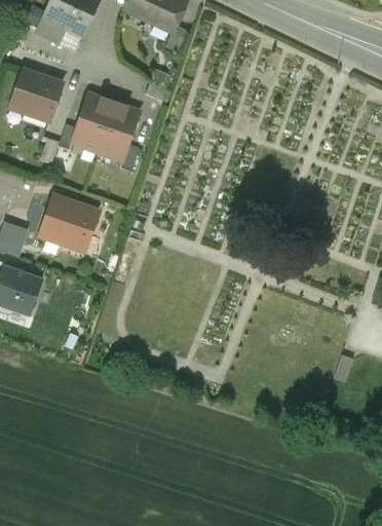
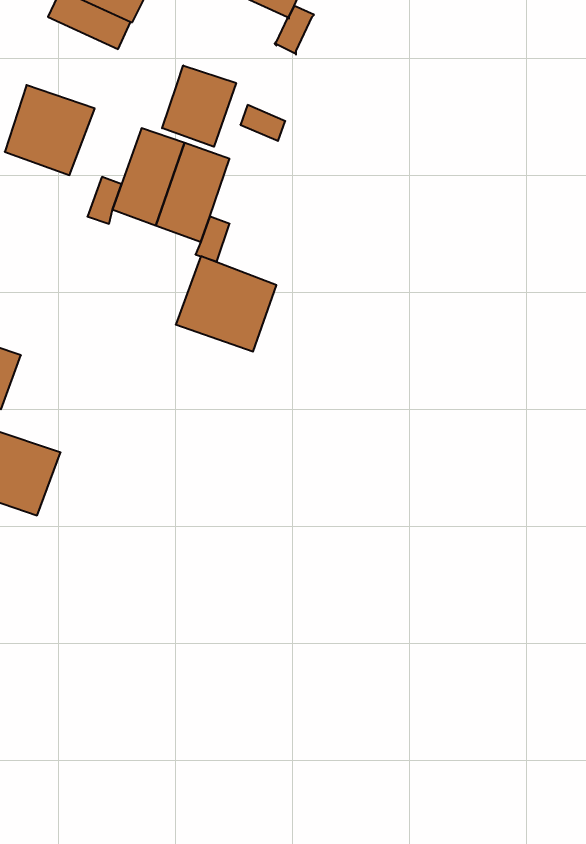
building: none -> [162,65,236,147]
building: [39,195,97,250] -> [176,256,276,352]

